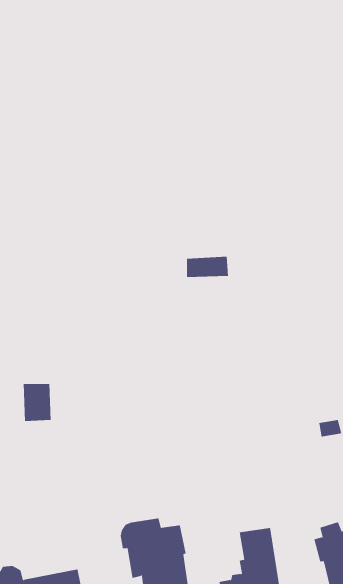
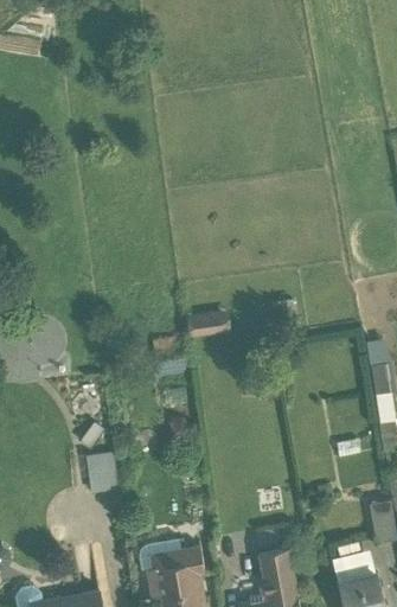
building: [186,256,229,277] -> [188,312,231,333]
building: [23,383,51,421] -> [89,452,117,490]

